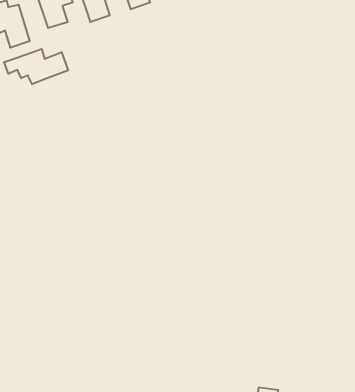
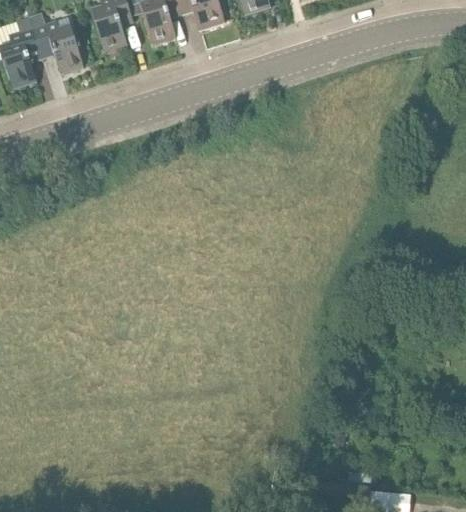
building: [4,49,68,84] -> none

